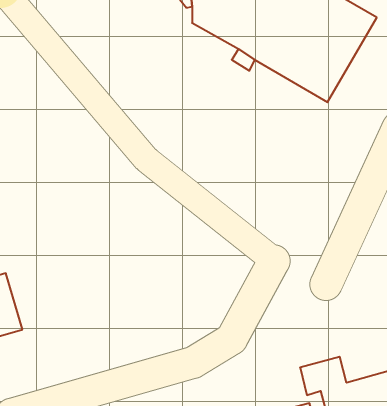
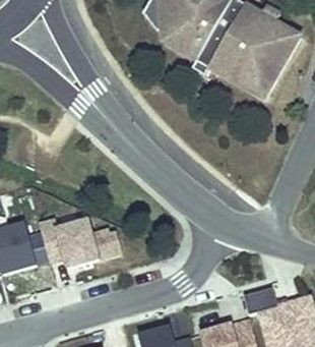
building: none -> [38,218,121,267]

